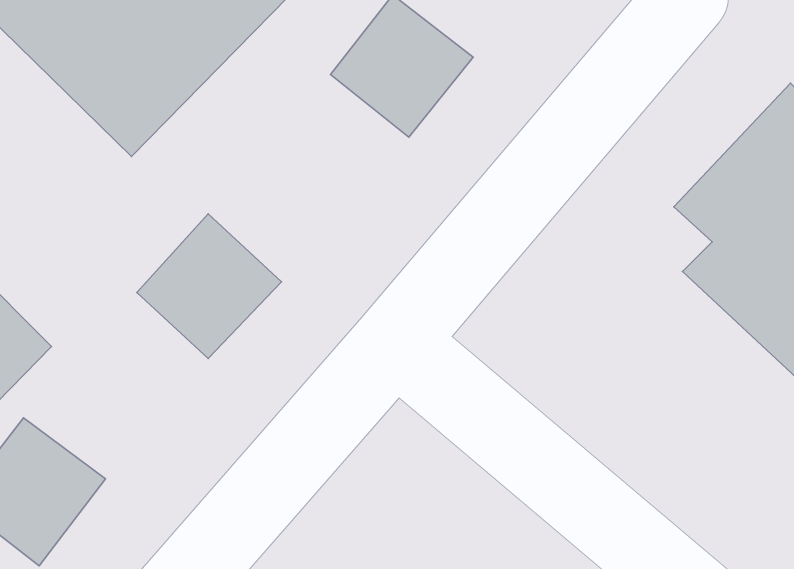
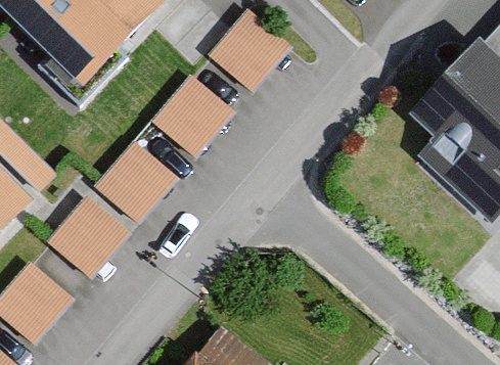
building: none -> [147,62,234,149]
building: none -> [44,178,132,268]

